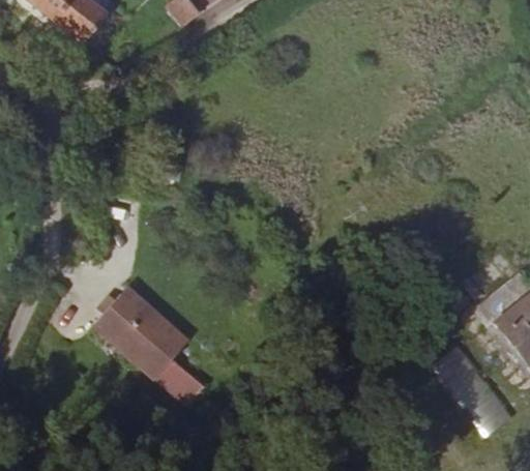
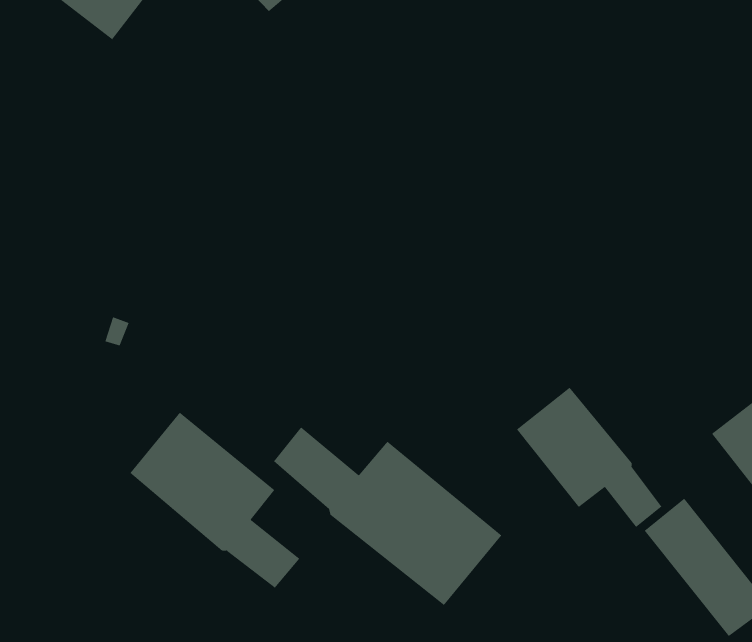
building: none -> [516,387,662,528]
building: none -> [273,426,502,606]

